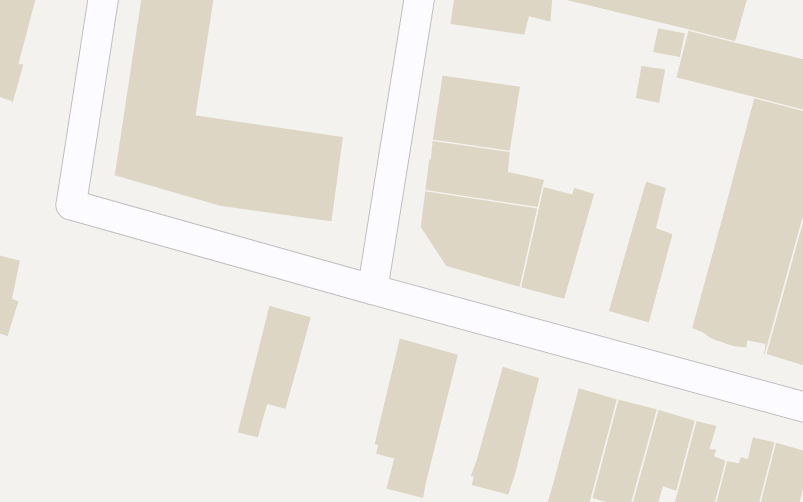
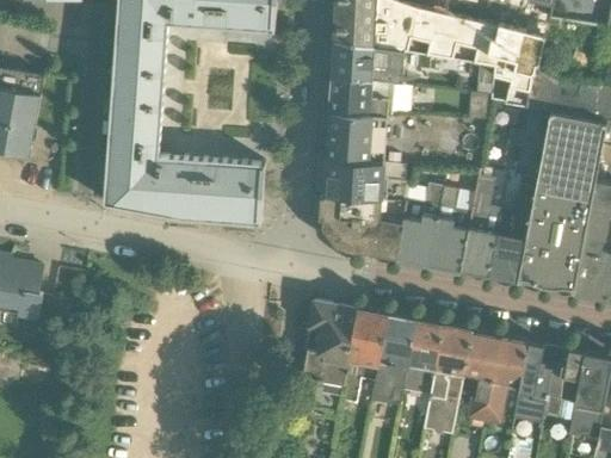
building: none -> [329,78,394,117]
building: none -> [428,188,475,271]
building: none -> [489,186,536,283]
building: [237,305,312,438] -> [341,309,388,403]
building: none -> [403,321,443,396]

